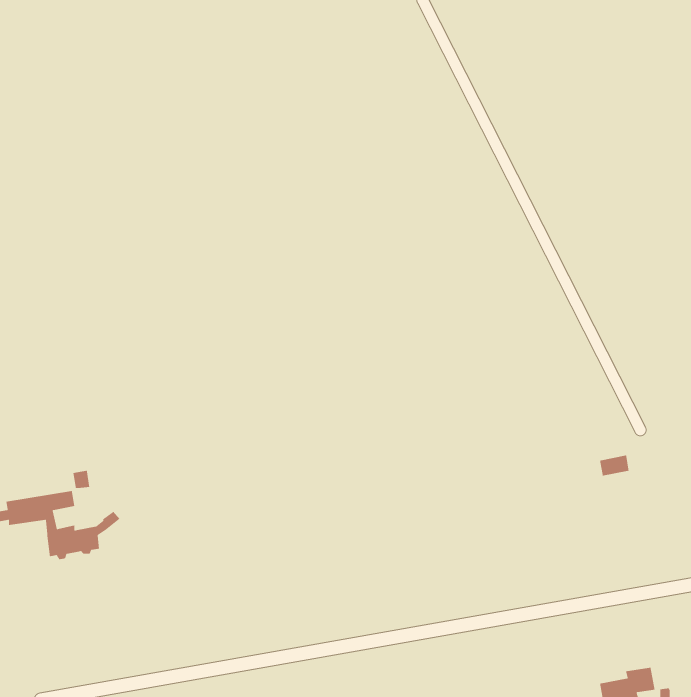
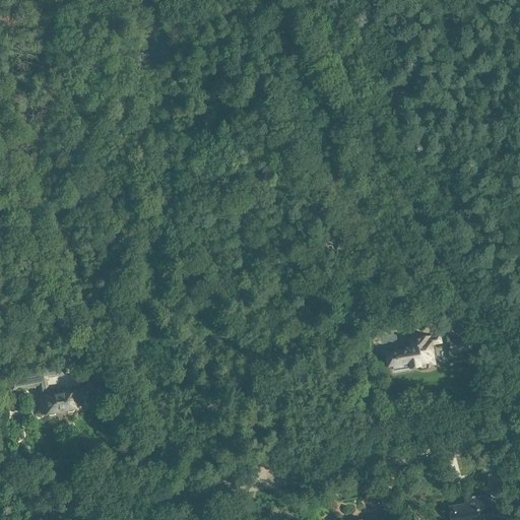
building: none -> [381,337,436,372]

